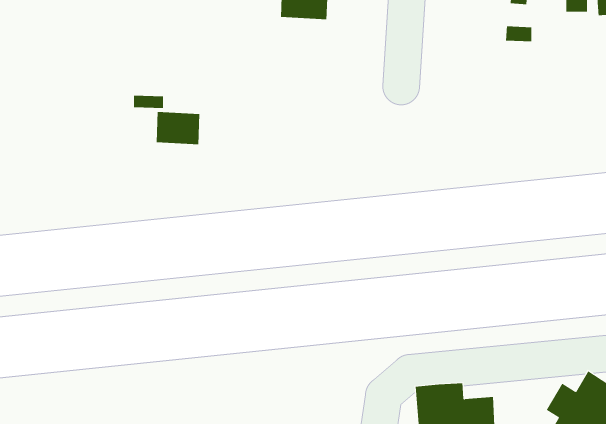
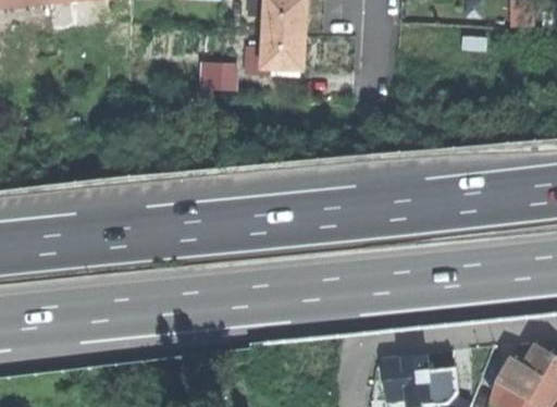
building: none -> [261,32,305,72]
building: [156,112,200,145] -> [199,64,238,94]

